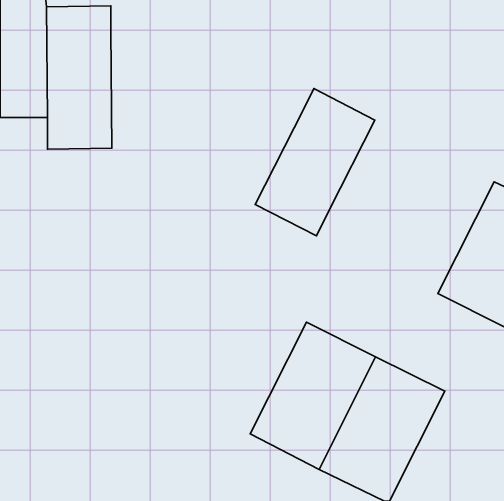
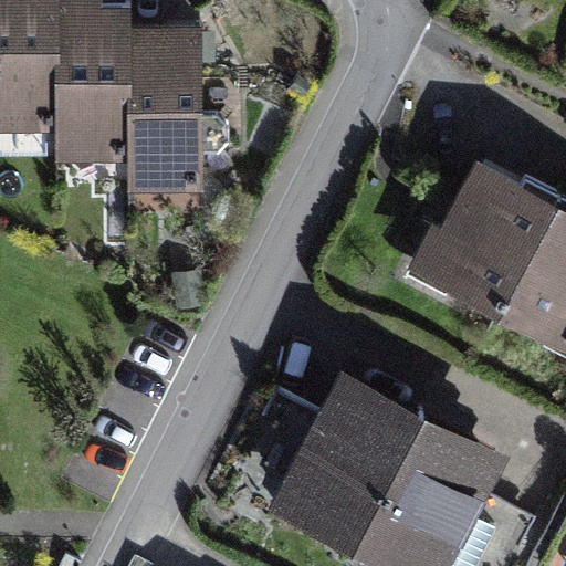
building: none -> [125,33,199,193]
building: [255,89,375,236] -> none
building: none -> [413,165,554,328]

